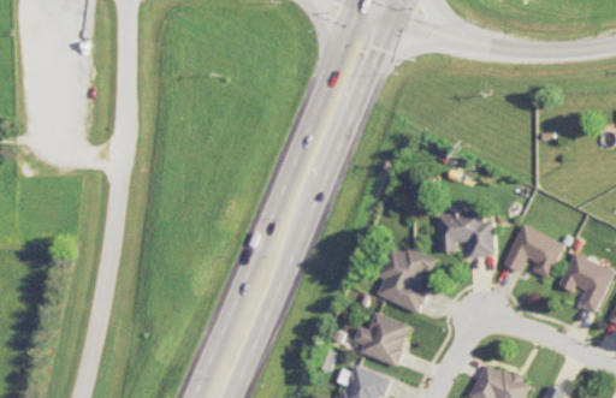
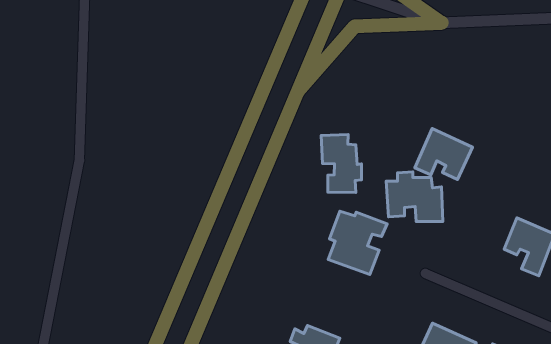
building: none -> [321,134,362,193]
building: [503,225,563,278] -> [415,129,473,179]
building: [353,313,409,367] -> none

